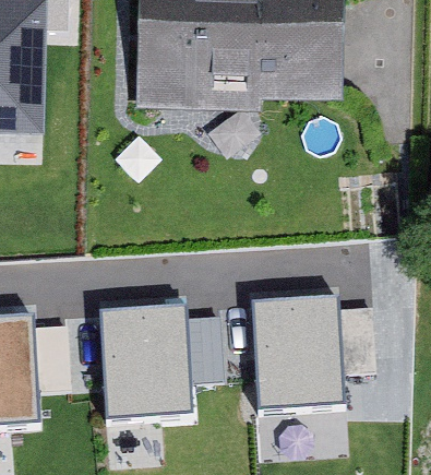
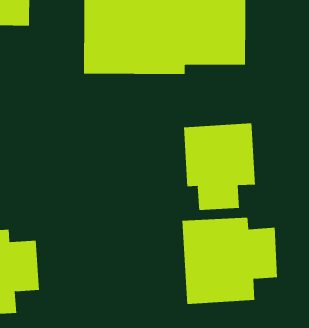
building: none -> [183,122,256,211]
building: [101,302,224,414] -> none

